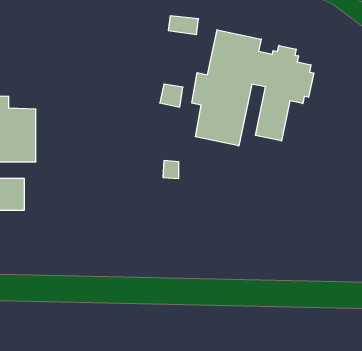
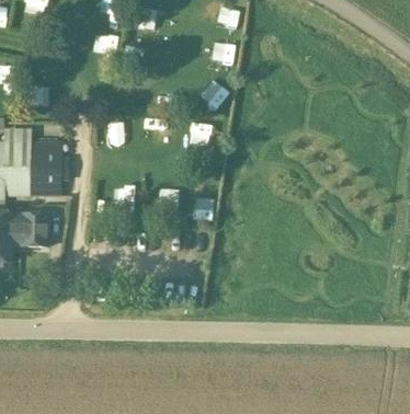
building: [192,30,314,146] -> none

